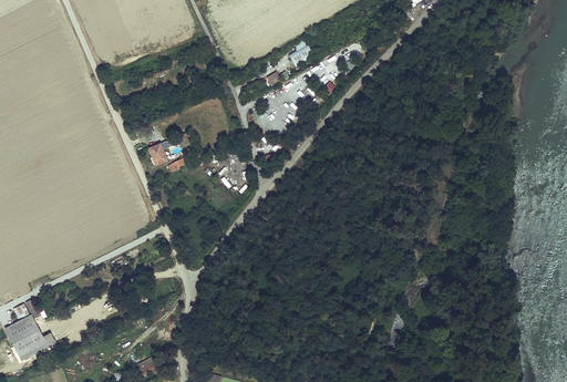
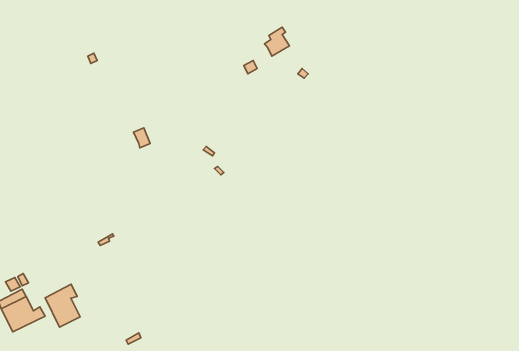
building: none -> [45,284,80,327]

